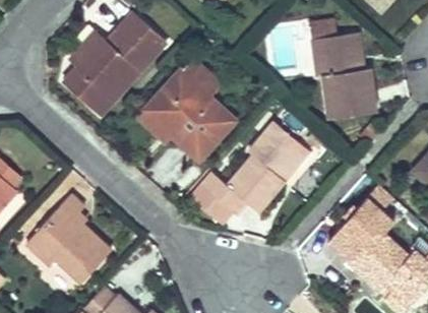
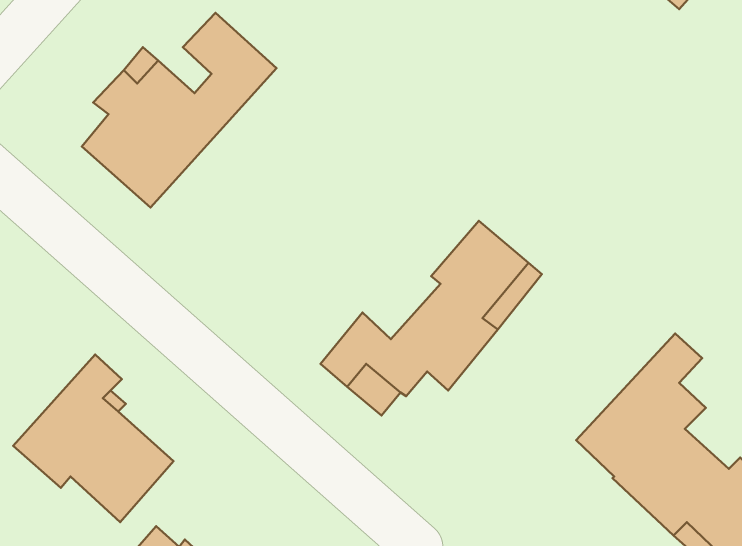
building: [310,29,376,117] -> none
building: [135,70,233,158] -> none

